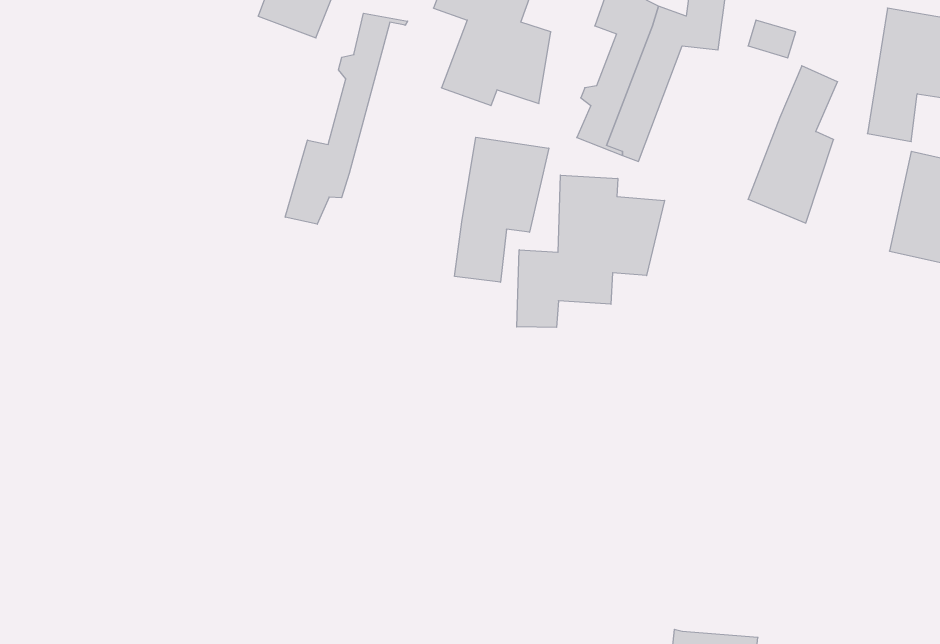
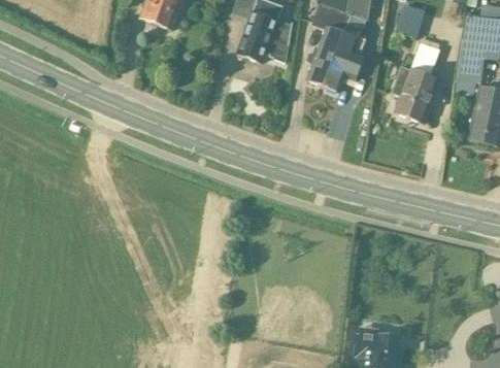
building: [285,13,408,224] -> none
building: [455,137,549,282] -> none
building: [517,175,665,327] -> none

